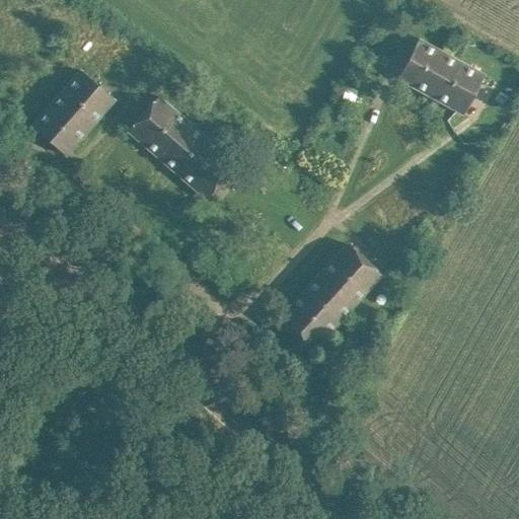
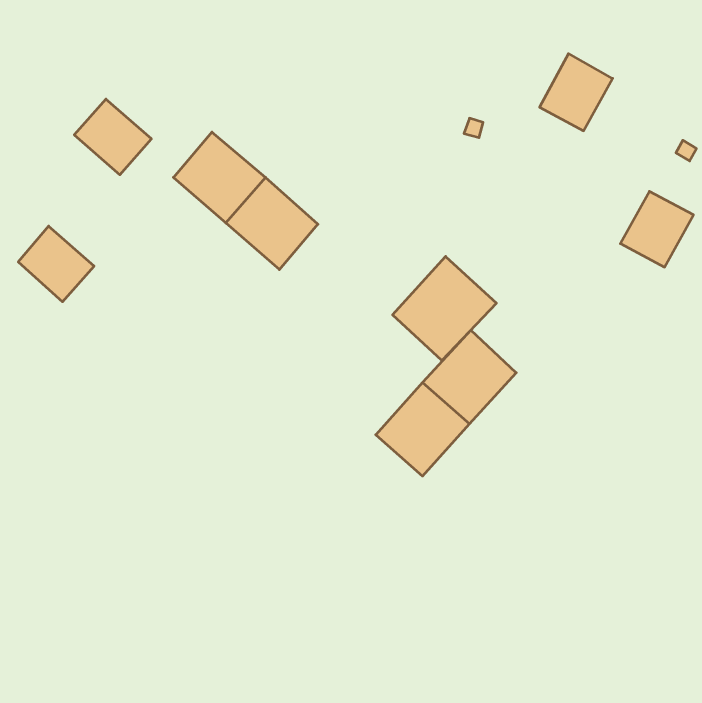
building: [431,58,485,114] -> [620,191,693,267]
building: [33,99,89,155] -> [18,226,94,302]
building: none -> [393,256,496,360]

